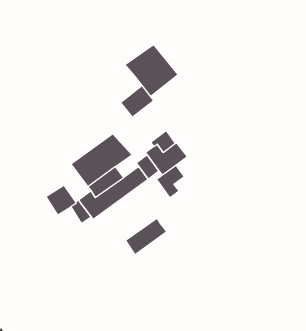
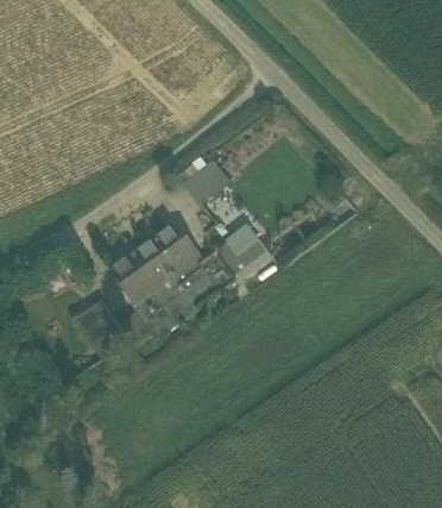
building: [125,44,178,96] -> none
building: [157,165,184,198] -> none
building: [125,218,167,255] -> none

